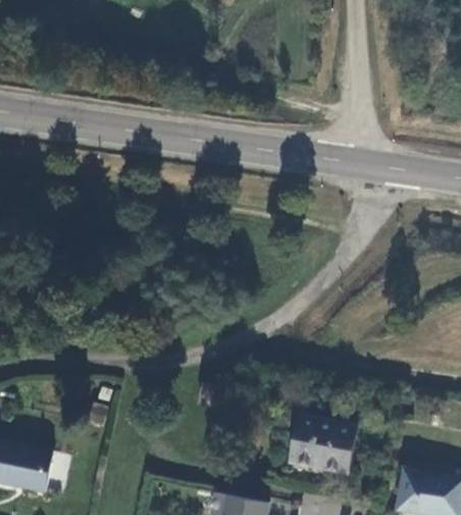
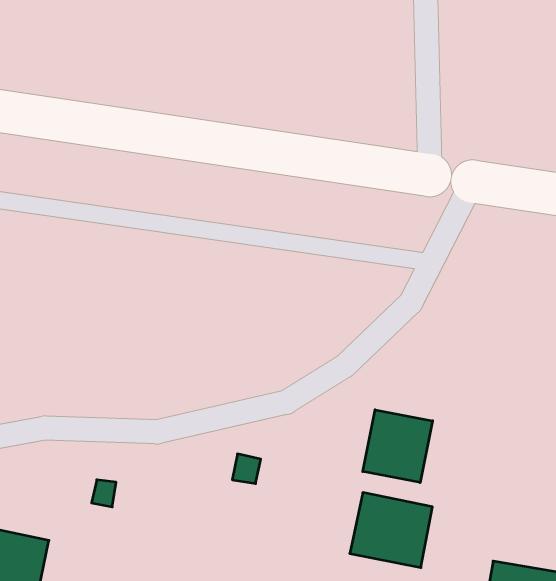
building: none -> [363,410,433,483]

